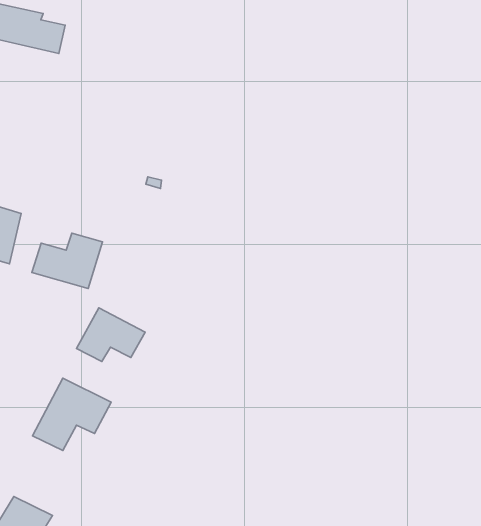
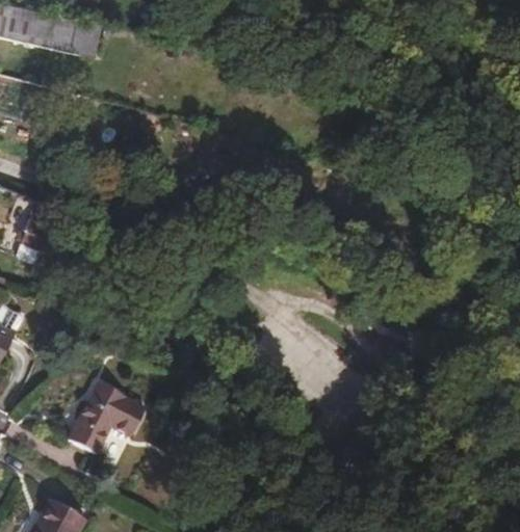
building: [32,233,103,288] -> none
building: [77,308,145,362] -> none

